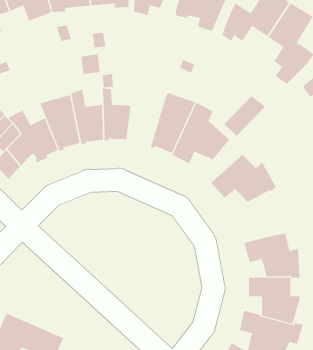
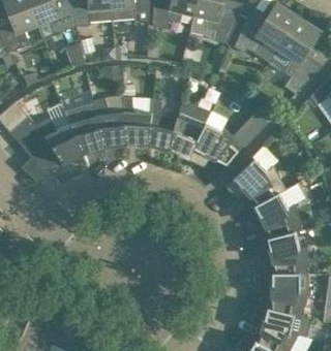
building: none -> [146,98,181,151]
building: none -> [244,193,302,237]

